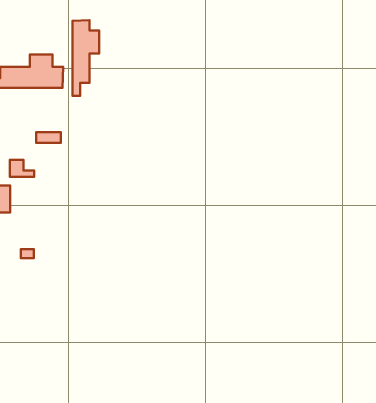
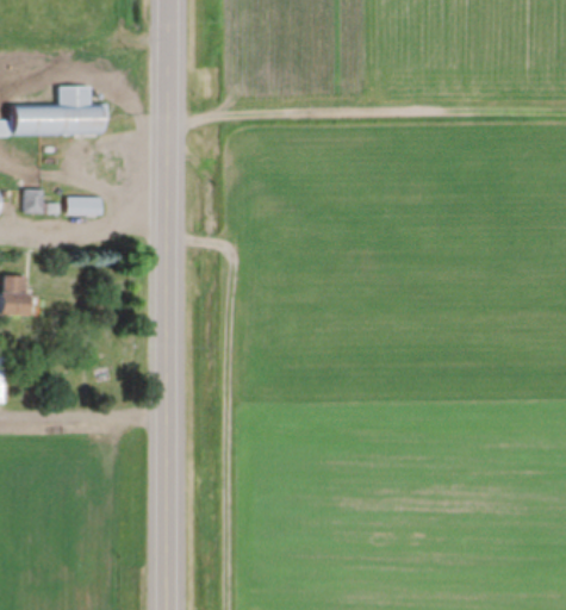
building: [72,20,99,96] -> none
building: [10,160,34,177] -> [24,188,60,213]

